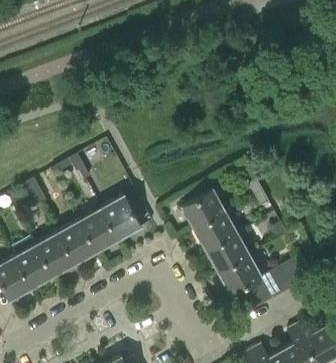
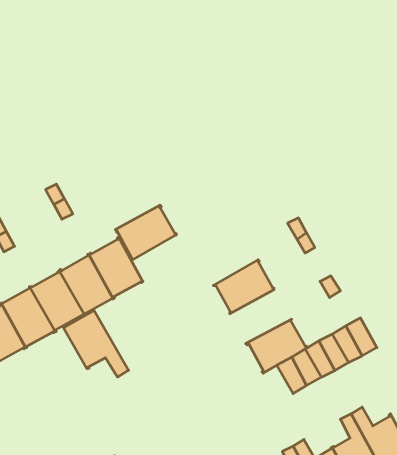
building: [181,189,226,230] -> [115,205,176,261]
building: [205,233,251,273] -> none
building: none -> [63,310,129,377]

